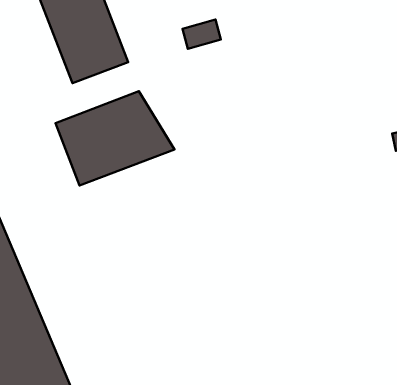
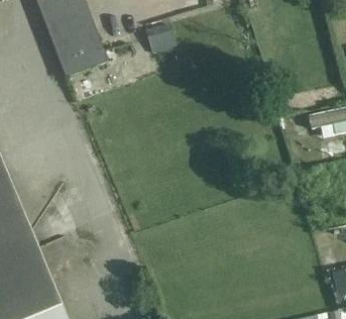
building: [55,91,175,186] -> none

